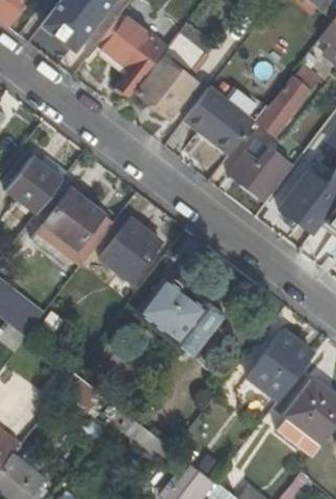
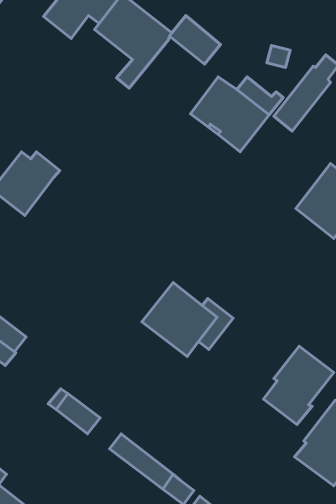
building: [136,58,196,117] -> none
building: [228,142,306,201] -> none
building: [43,189,111,256] -> none
building: [100,218,161,283] -> none

